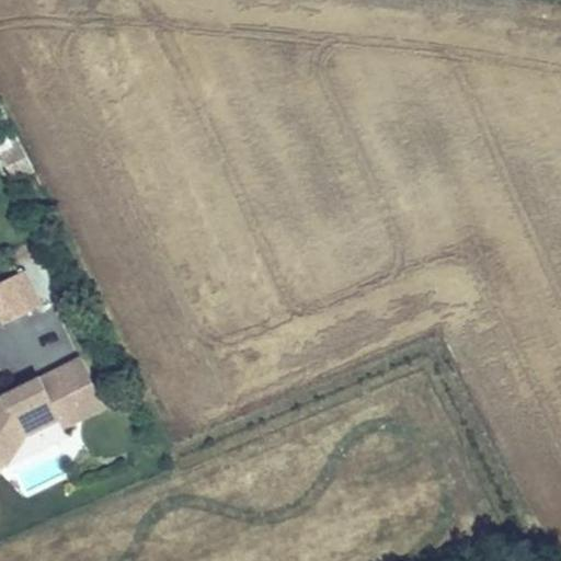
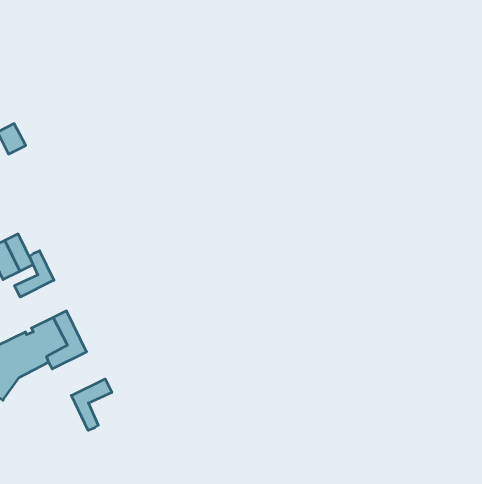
building: none -> [15,251,54,297]
building: none -> [71,379,112,430]

